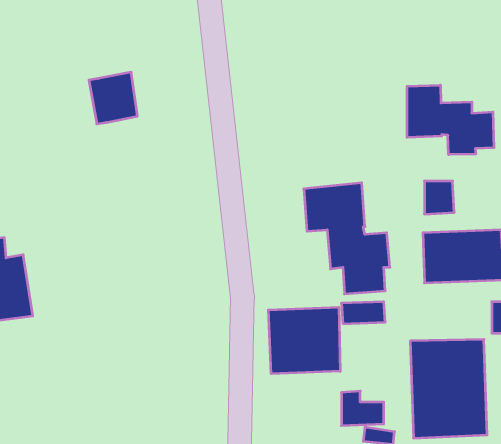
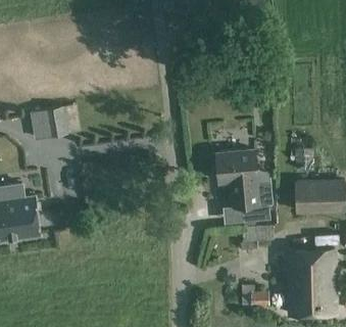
building: [89,72,137,124] -> [36,105,67,139]
building: [407,85,494,155] -> none
building: [268,307,340,374] -> none

